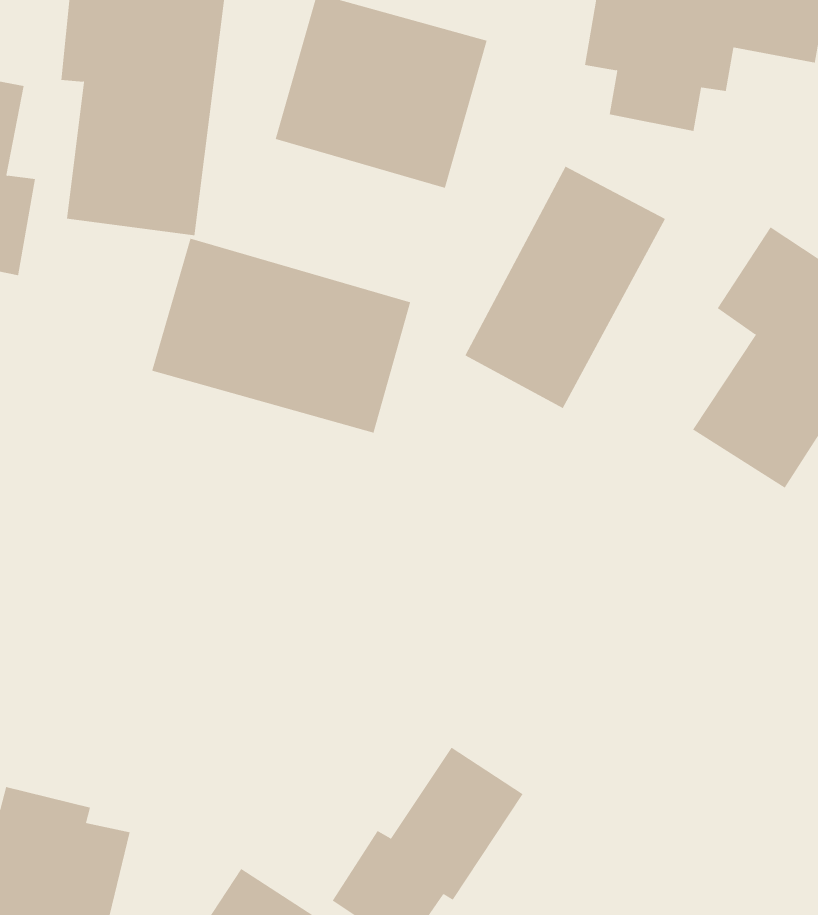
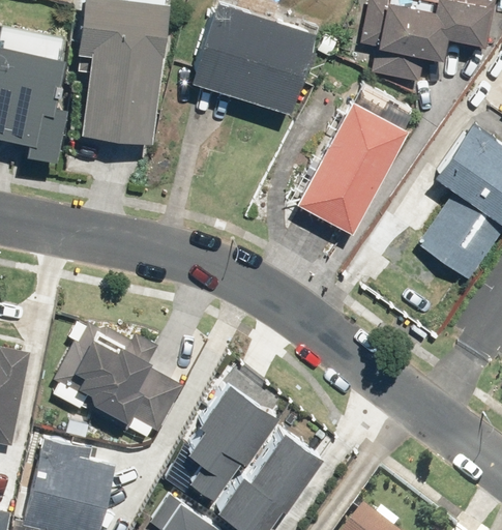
building: [151,238,411,434] -> none
building: none -> [62,329,184,436]
building: none -> [196,373,285,487]

